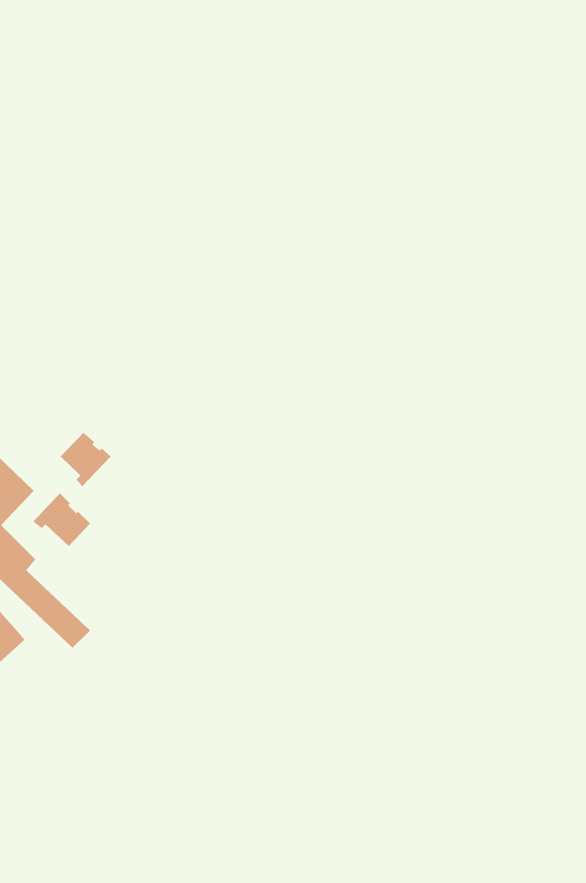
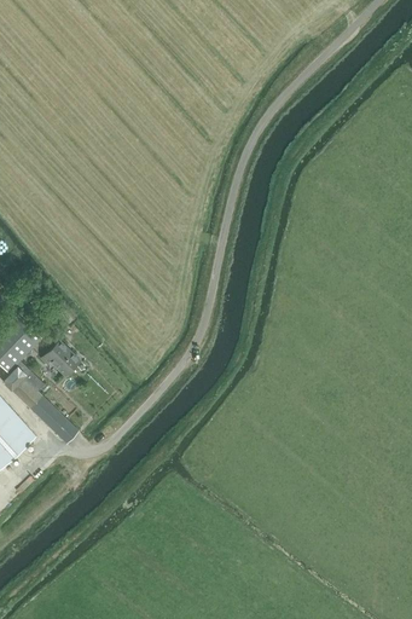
building: [60,432,112,487] -> none

